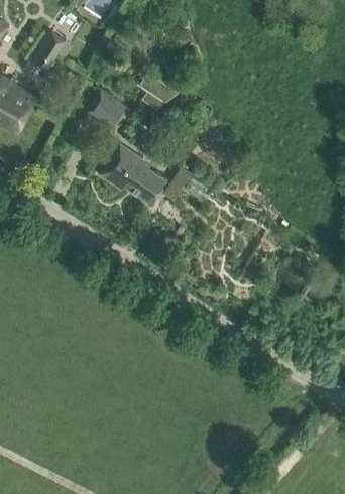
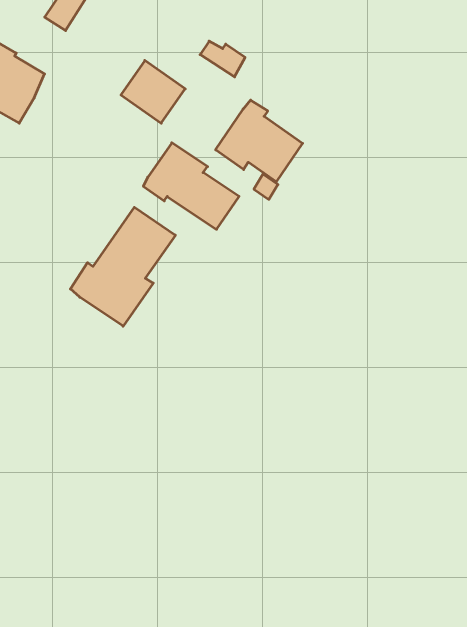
building: none -> [216,100,303,182]
building: none -> [70,207,175,326]

